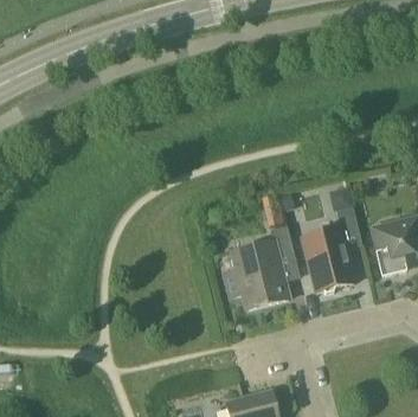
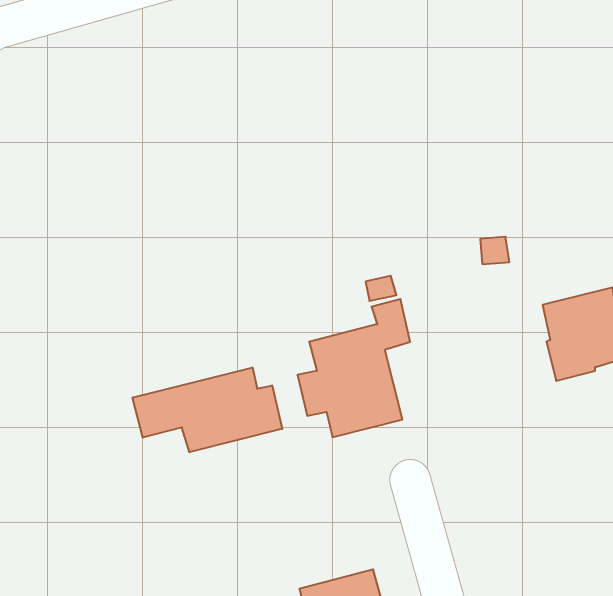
building: [303,205,361,290] -> none
building: none -> [133,367,282,452]

